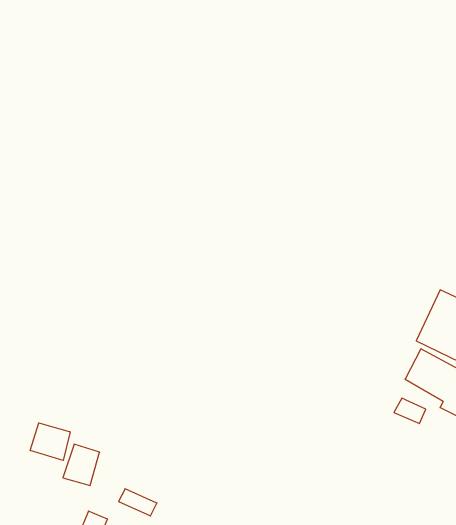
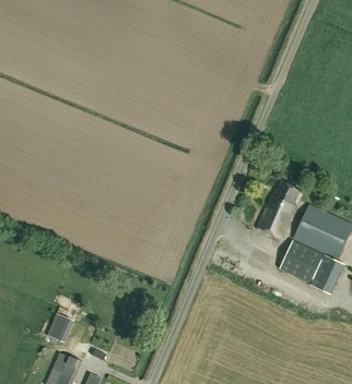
building: none -> [255,182,298,239]
building: [30,423,70,460] -> none

